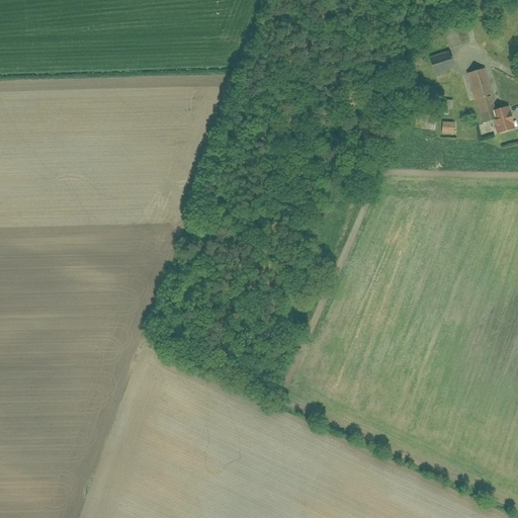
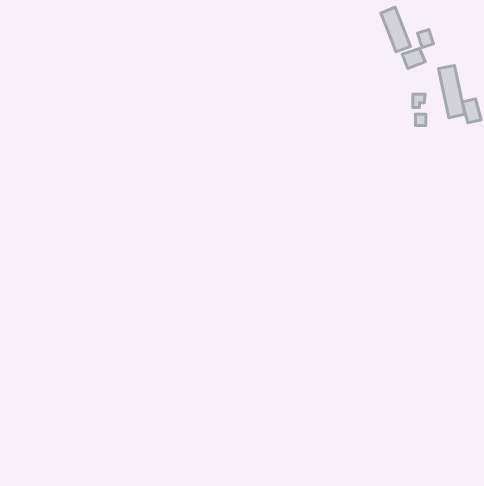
building: none -> [381,7,411,52]

